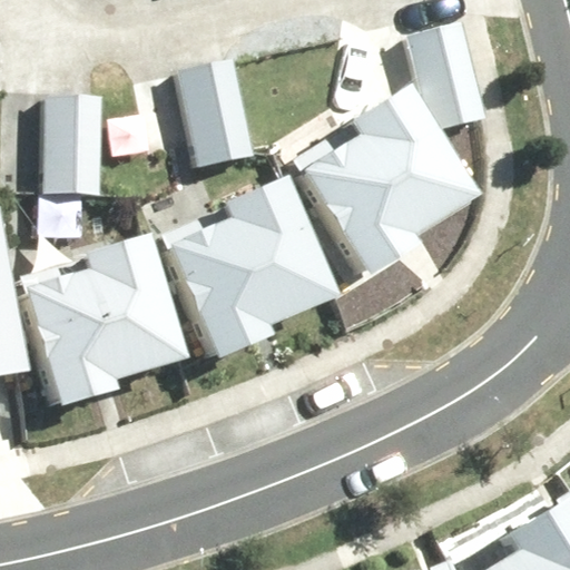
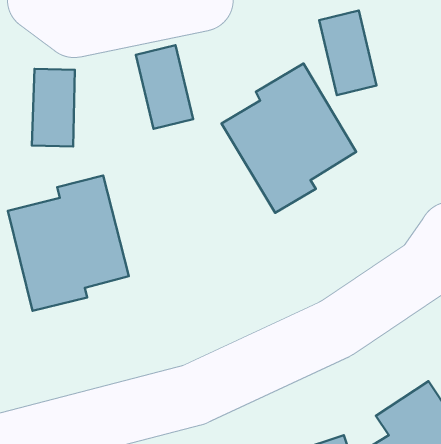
building: [175,179,336,357] -> none

